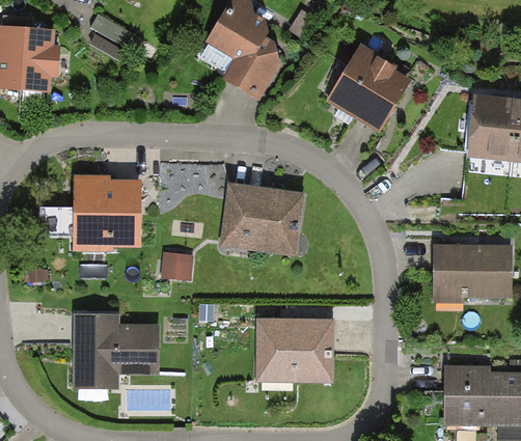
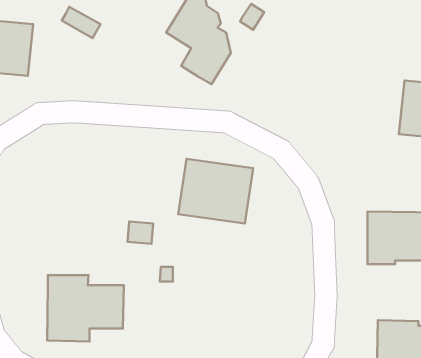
building: [326,45,412,133] -> none
building: [38,175,142,252] -> none
building: [255,320,333,383] -> none

